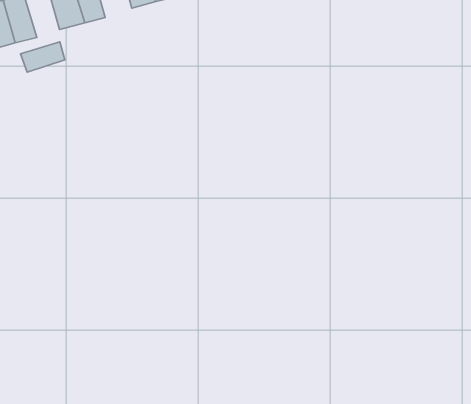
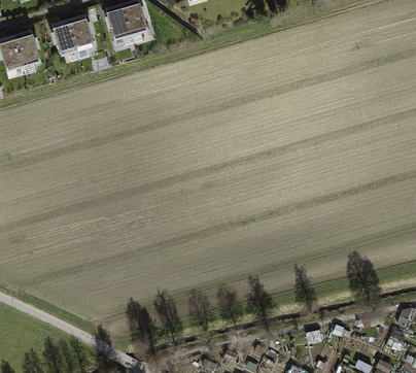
building: [21,42,65,72] -> none

